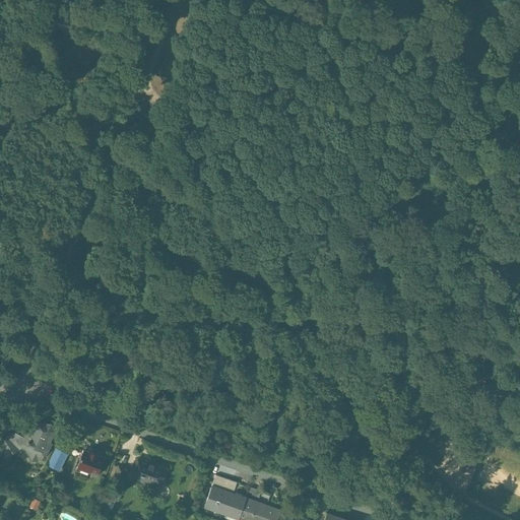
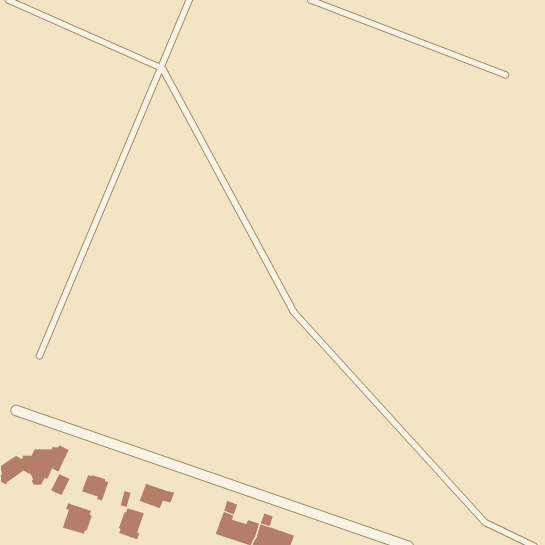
building: none -> [62,503,93,535]
building: none -> [118,508,145,540]

